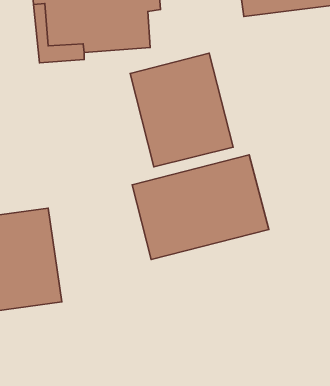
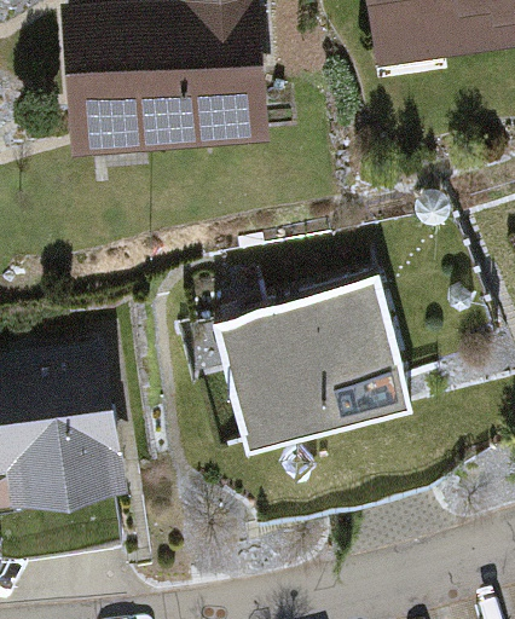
building: [130,53,233,167] -> none

